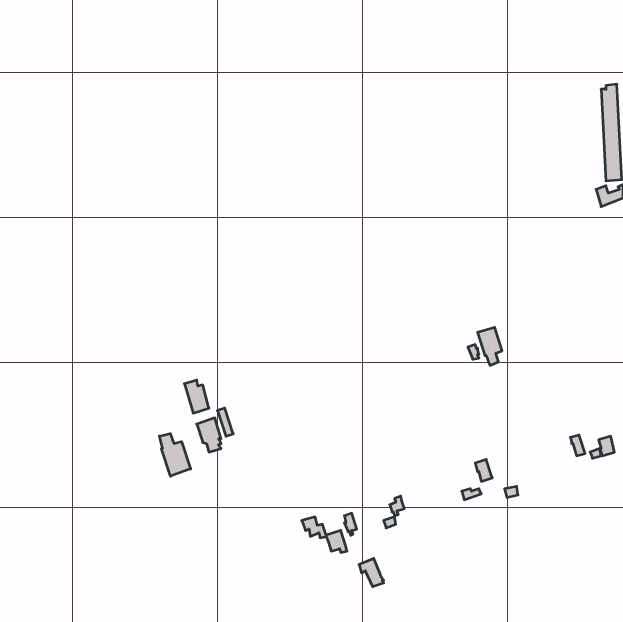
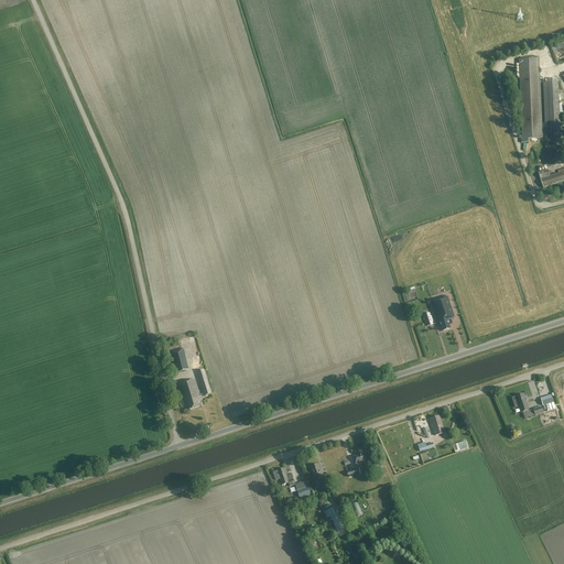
building: none -> [518,56,541,138]
building: [159,434,191,476] -> none

